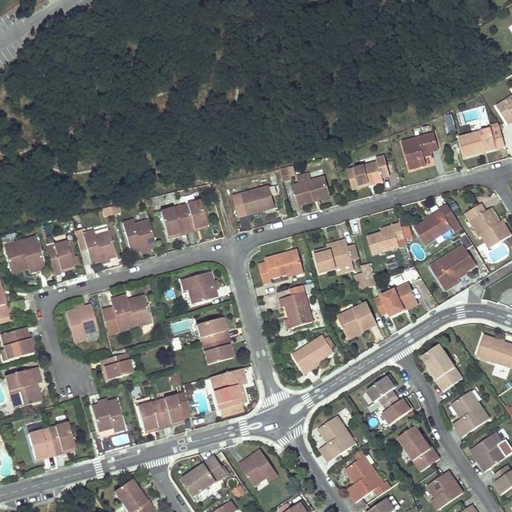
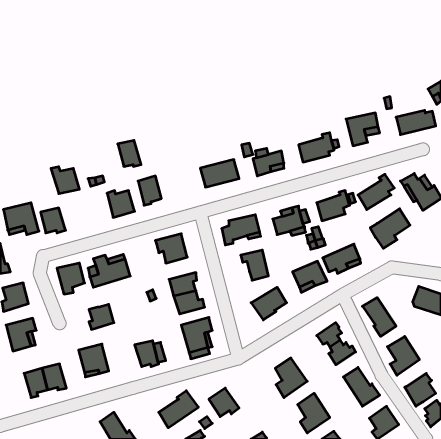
building: [180,200,207,230] -> [118,140,141,166]
building: [82,230,115,261] -> [51,167,79,194]
building: [138,400,164,433] -> none

